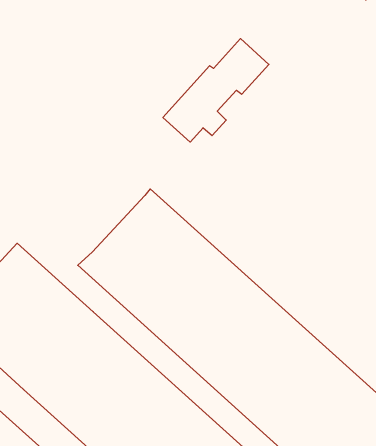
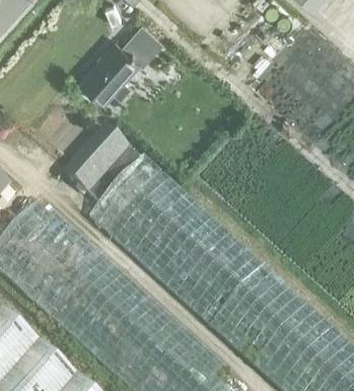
building: [163,39,269,142] -> [83,20,166,102]
building: none -> [66,127,143,204]

